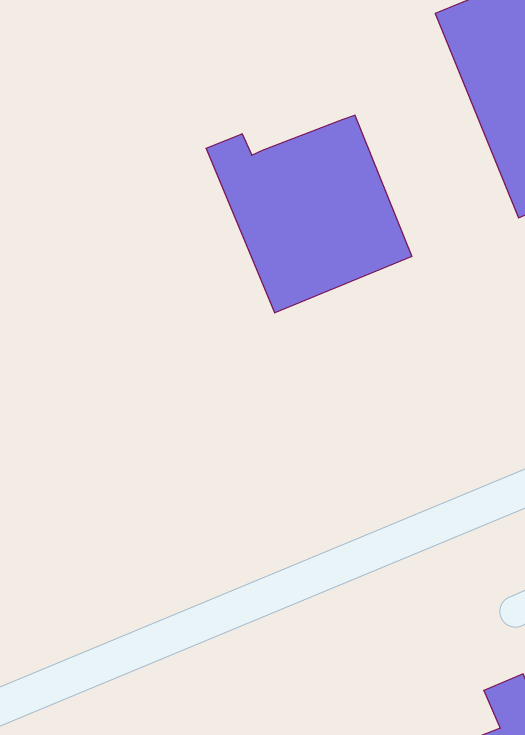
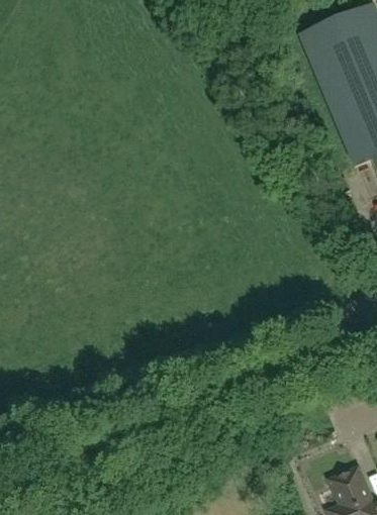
building: [206,115,412,313] -> none

